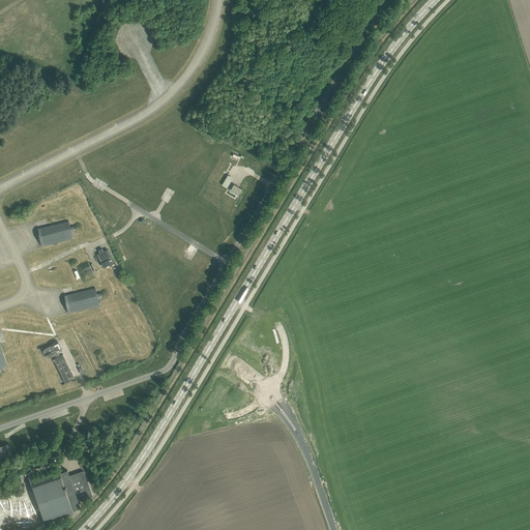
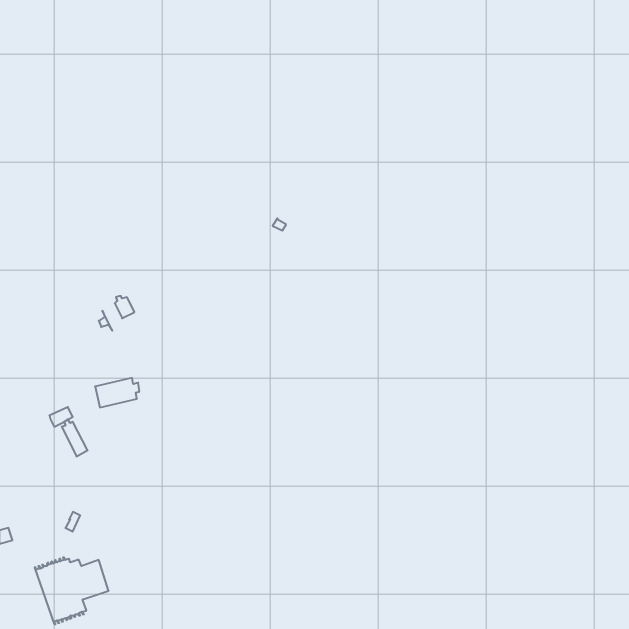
building: [36,222,75,246] -> none
building: [63,289,100,314] -> [95,378,139,407]

